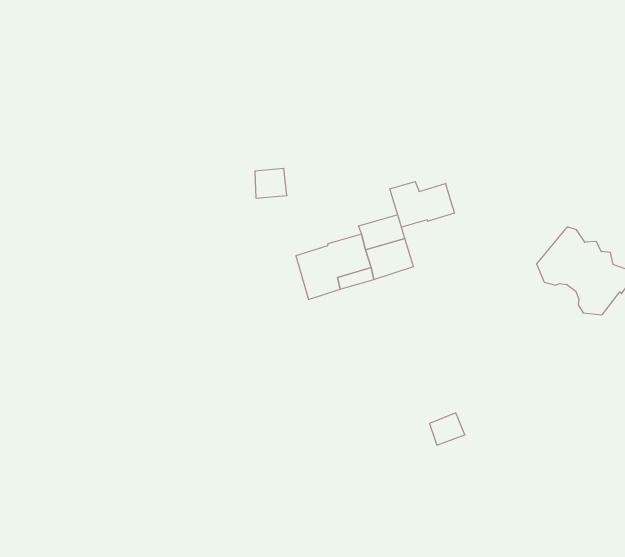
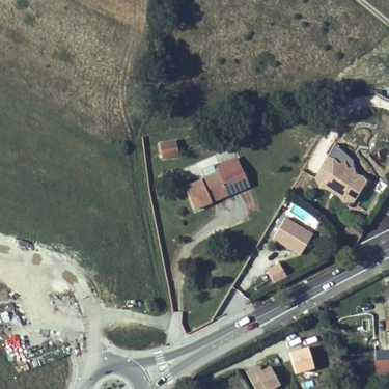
building: [390,182,455,227] -> none
building: none -> [273,217,314,255]

